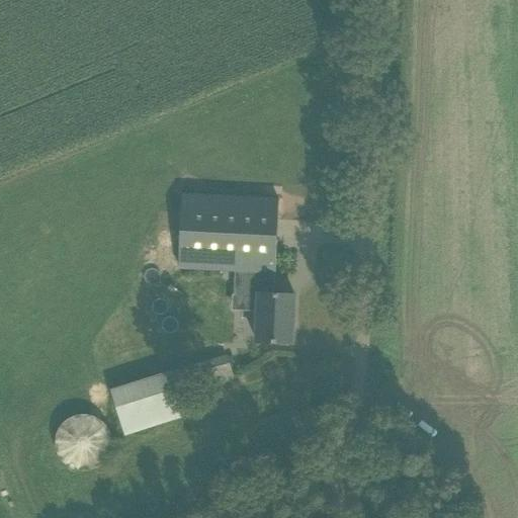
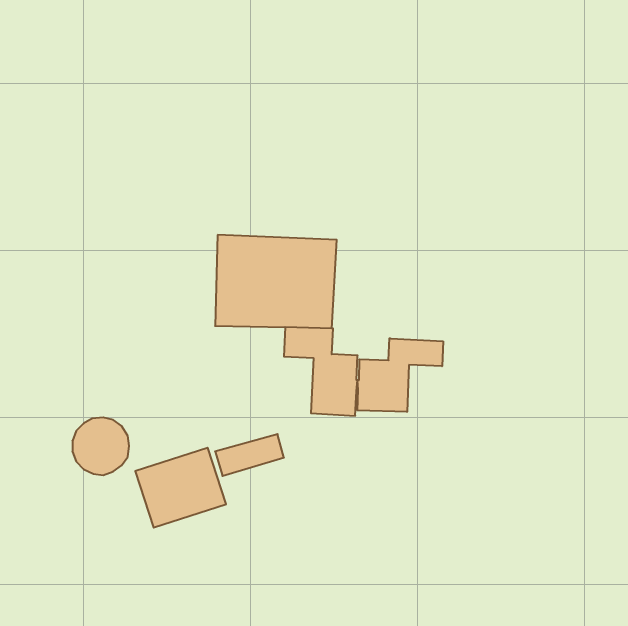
building: none -> [357,338,443,412]
building: [57,407,103,454] -> [72,417,129,475]

